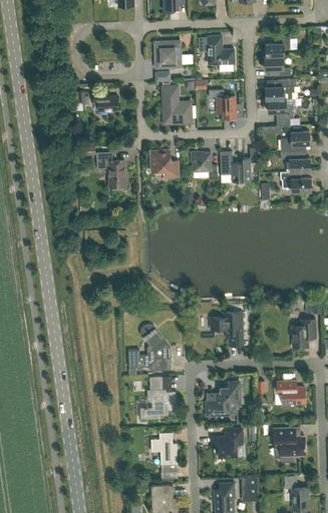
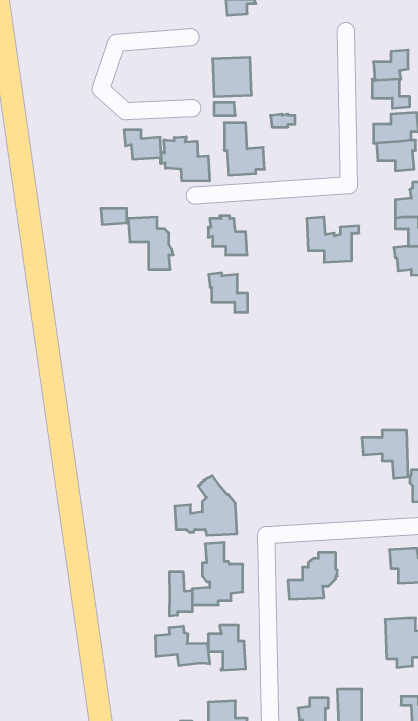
building: [199,36,235,64] -> none
building: [209,89,236,119] -> none
building: none -> [161,137,209,181]
building: [191,151,218,178] -> [209,273,248,312]
building: [211,313,243,346] -> [362,430,408,478]
building: none -> [169,571,192,616]
building: [213,429,243,457] -> none
building: none -> [155,626,210,666]

